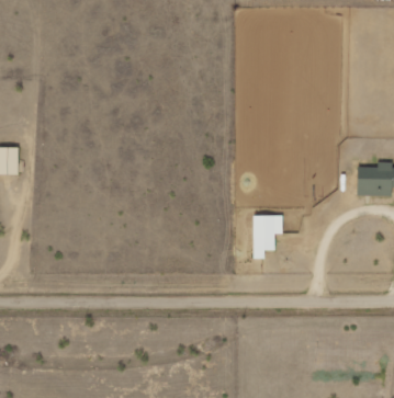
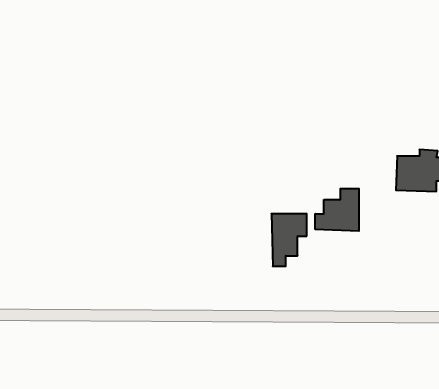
building: none -> [315,189,359,231]

